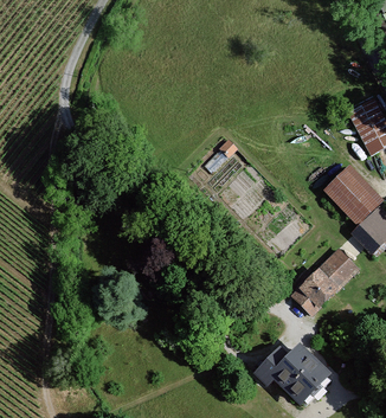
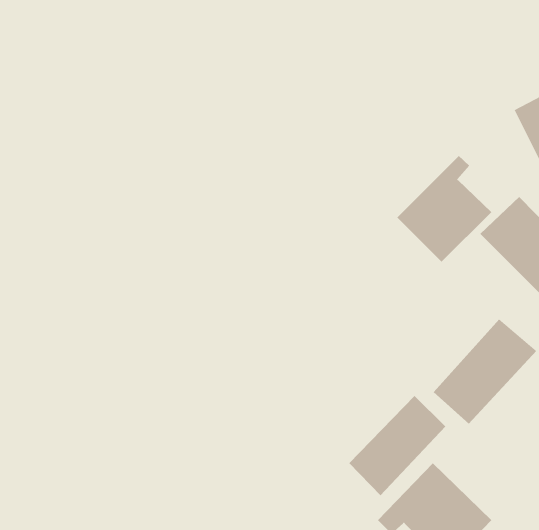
building: none -> [396,155,492,263]
building: none -> [349,395,446,496]

